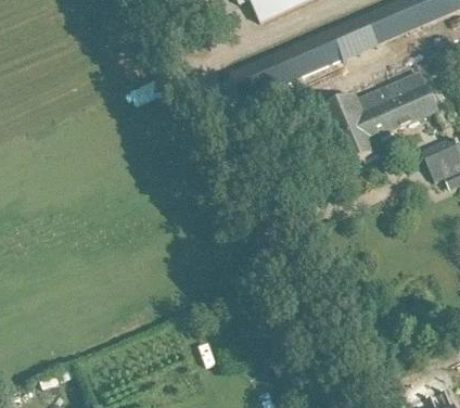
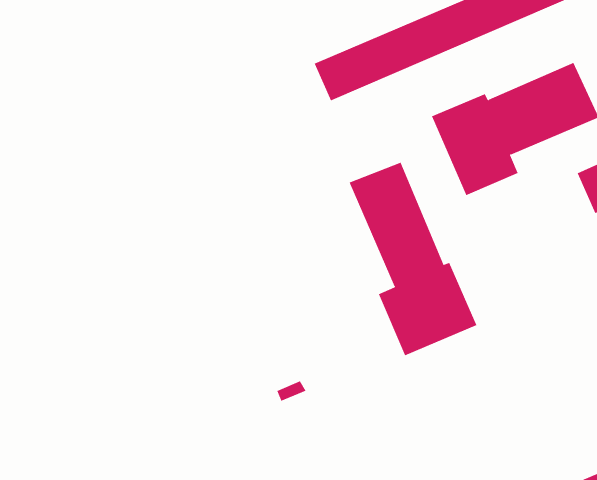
building: none -> [349,162,477,356]

